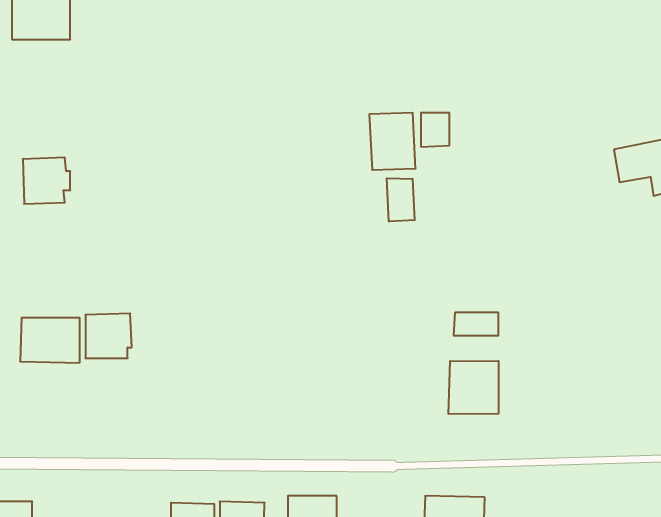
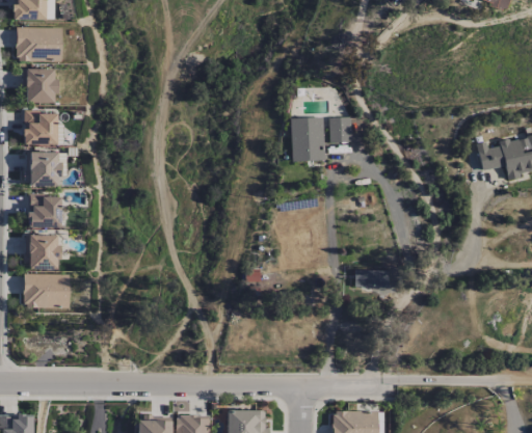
building: none -> [25,70,57,103]
building: none -> [25,112,58,145]
building: [387,178,415,222] -> none
building: none -> [28,194,62,229]
building: [85,313,132,358] -> [25,235,60,269]
building: [449,361,498,414] -> none

